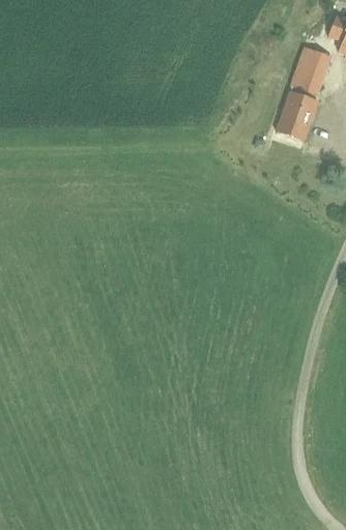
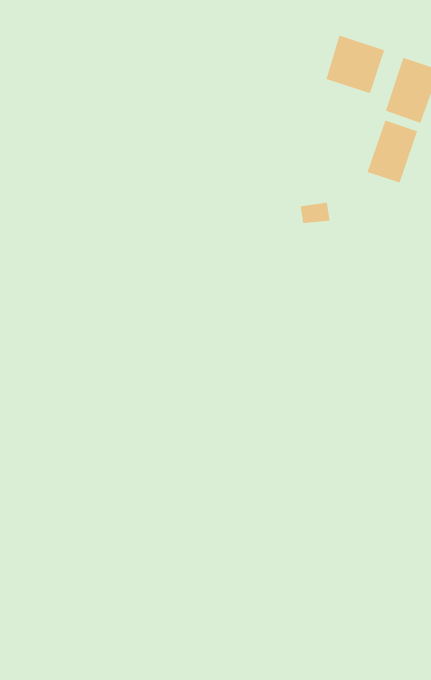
building: none -> [326,34,385,94]

